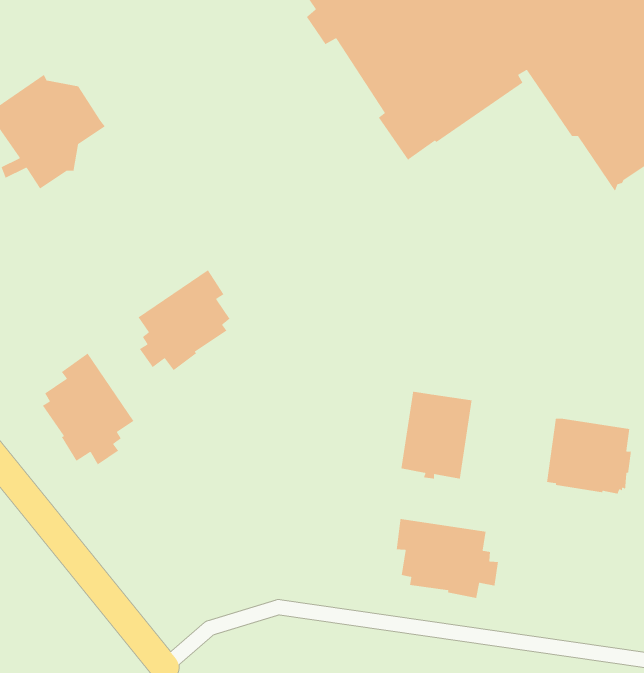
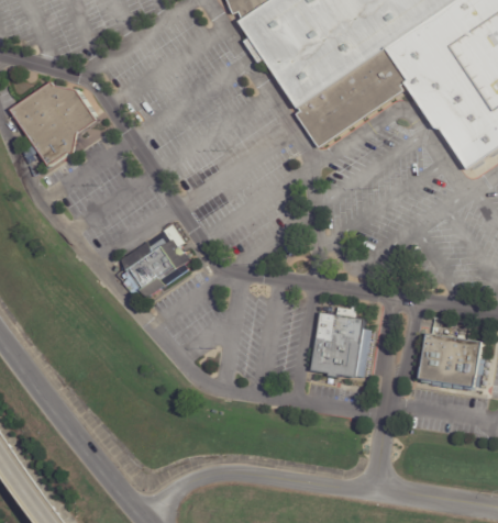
building: [42,352,135,465] -> none
building: [396,518,499,599] -> none

